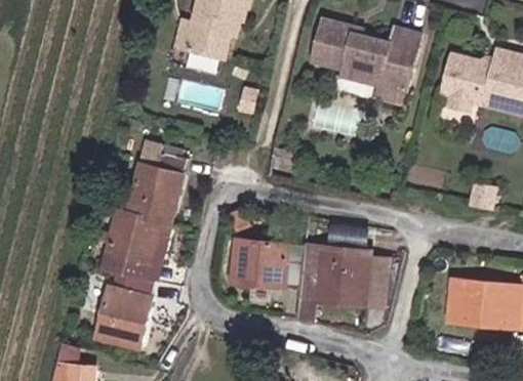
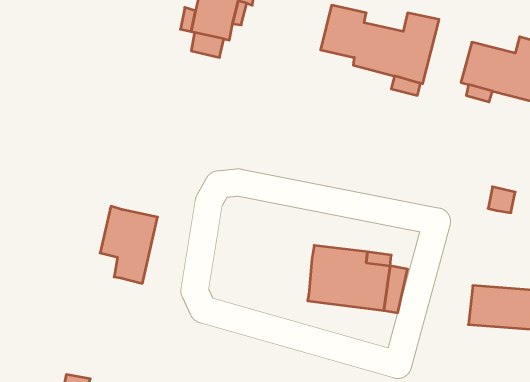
building: [124,151,183,220] -> none
building: [240,240,304,291] -> none
building: [95,276,152,339] -> none

